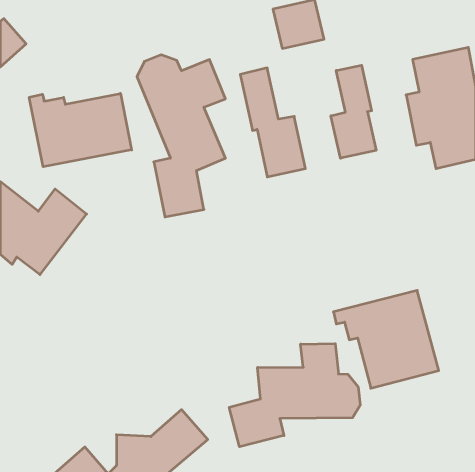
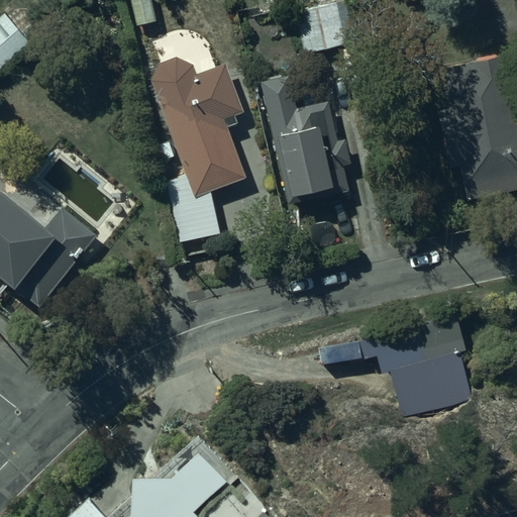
building: [331,65,376,158] -> none
building: [29,93,132,167] -> none
building: [229,344,360,447] -> none

